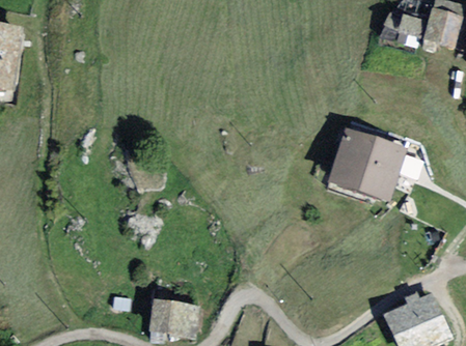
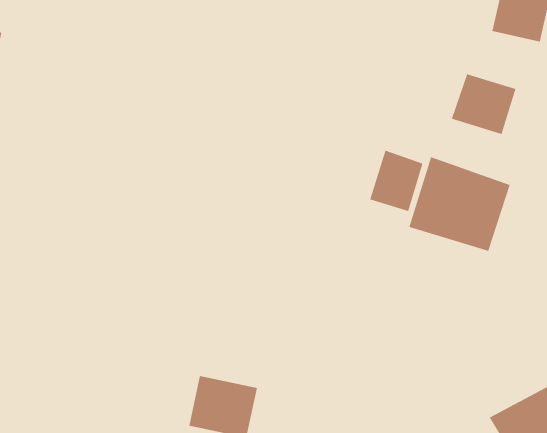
building: none -> [451,73,516,135]
building: none -> [369,150,423,212]

